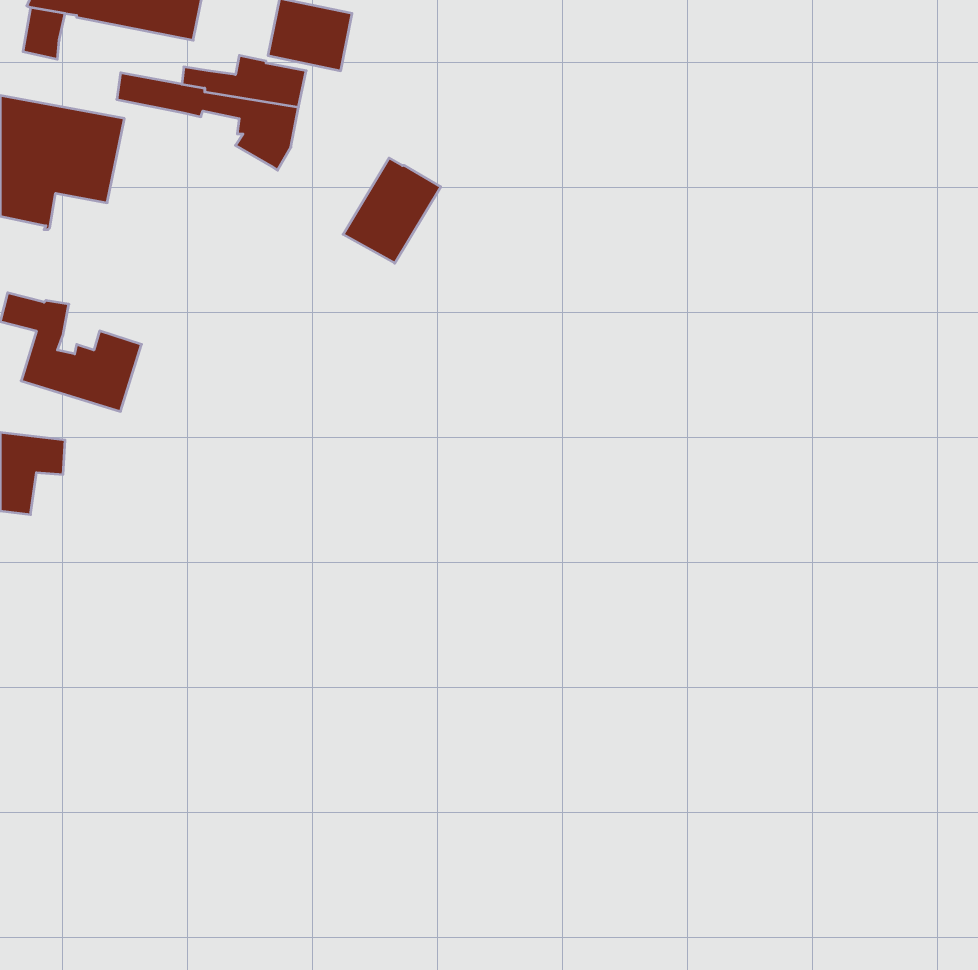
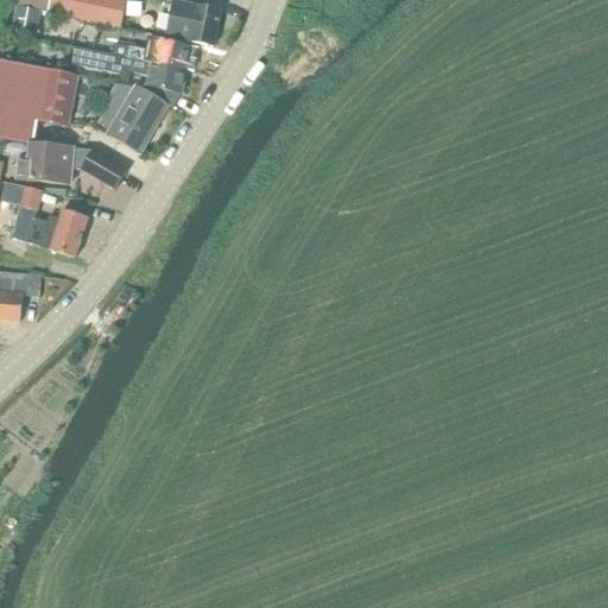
building: [343,158,441,263] -> [108,86,169,151]
building: none -> [15,141,127,188]

